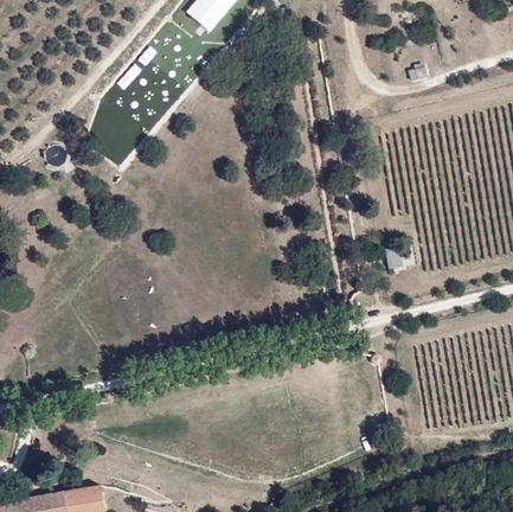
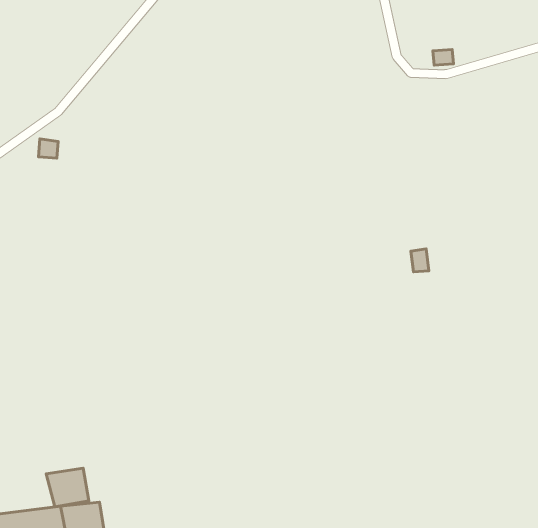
building: none -> [46,468,89,507]

